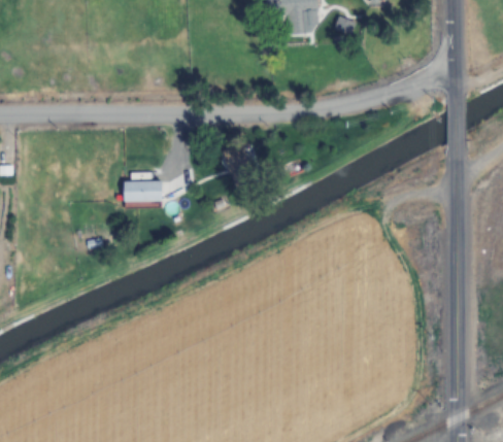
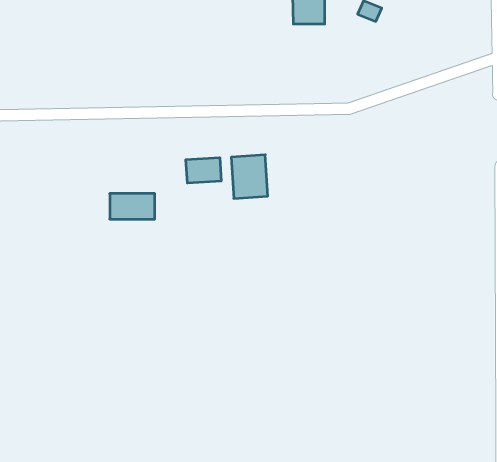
building: none -> [186,158,221,183]

